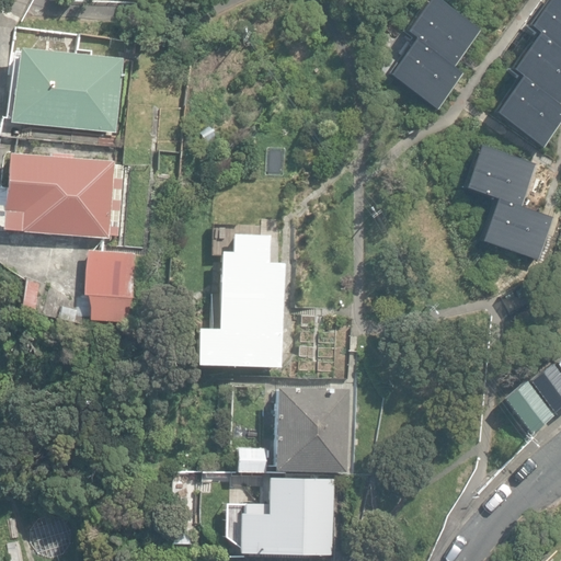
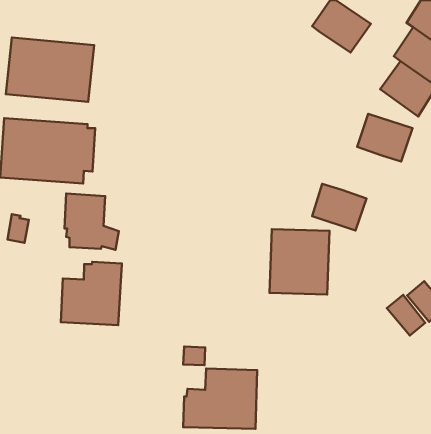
building: [390,41,465,111] -> none
building: [483,201,553,261] -> [312,184,366,231]
building: [197,233,286,366] -> none
building: none -> [61,262,122,325]
building: [274,387,352,471] -> [269,229,330,295]

